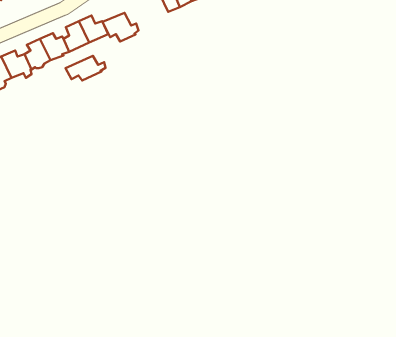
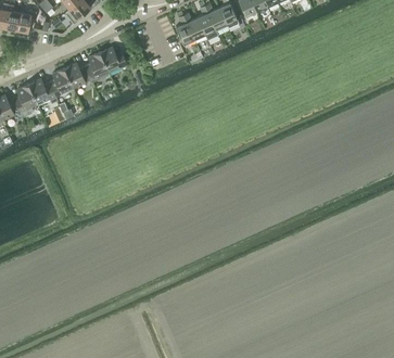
building: [102,13,139,42] -> none
building: [65,56,106,81] -> none

